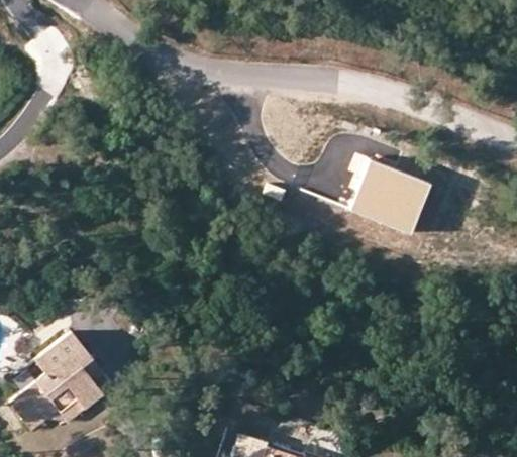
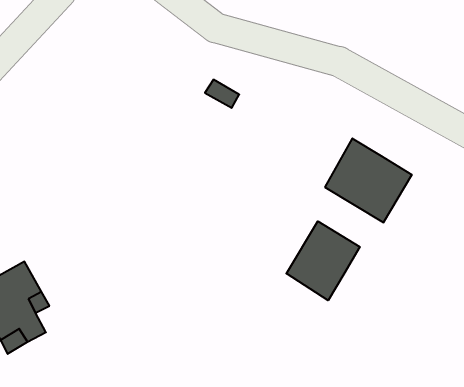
building: none -> [286,221,360,300]

